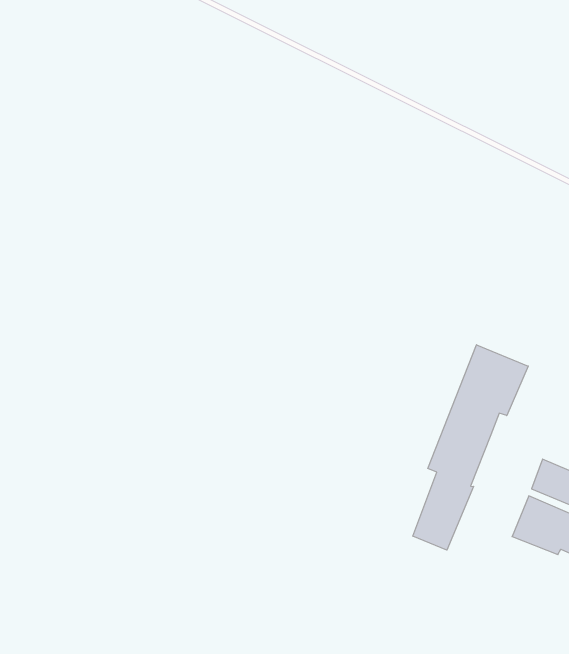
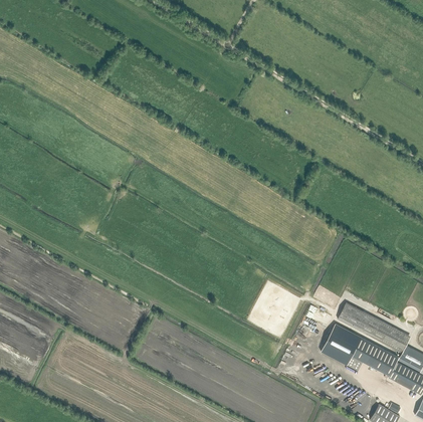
building: [413,345,528,550] -> none

